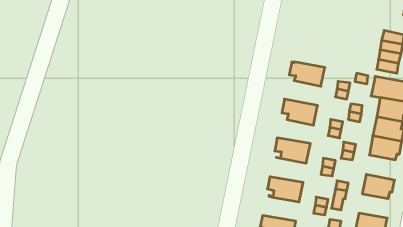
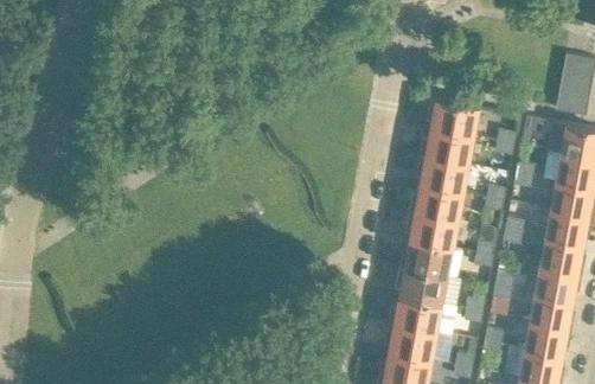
building: none -> [420,132,473,168]
building: none -> [409,188,462,224]
building: none -> [539,241,584,277]
building: none -> [398,244,452,281]
building: none -> [529,297,574,333]
building: none -> [388,302,441,338]

